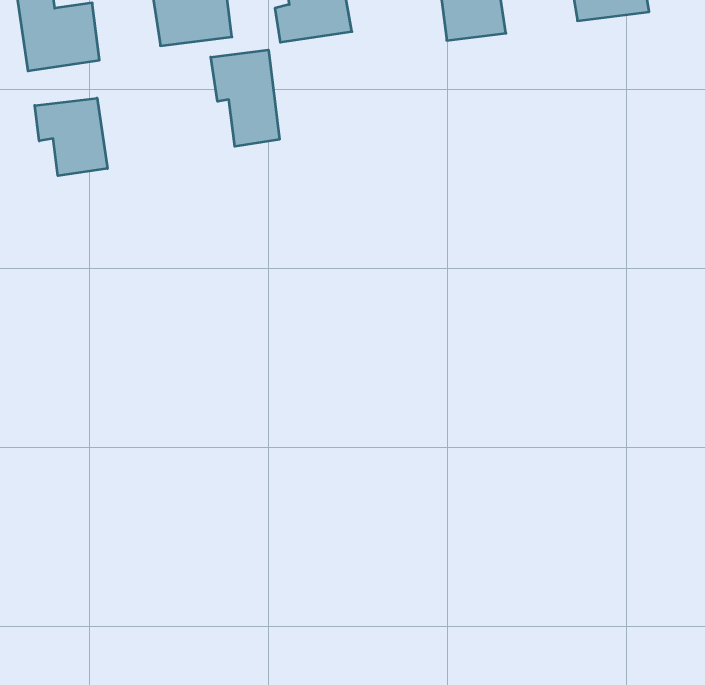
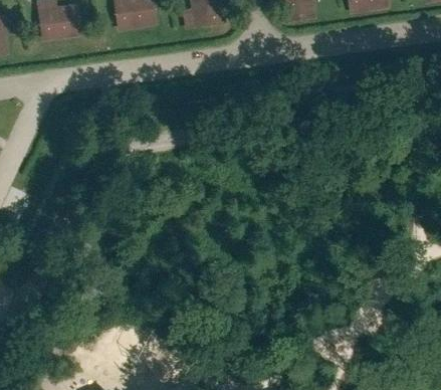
building: [211,50,279,146] -> none
building: [35,98,107,176] -> none

